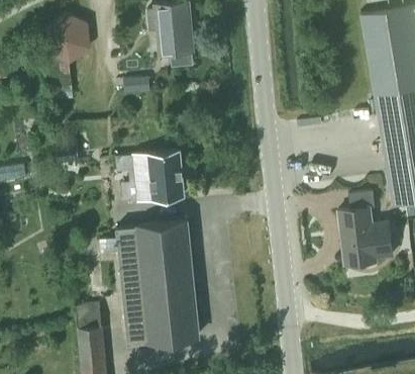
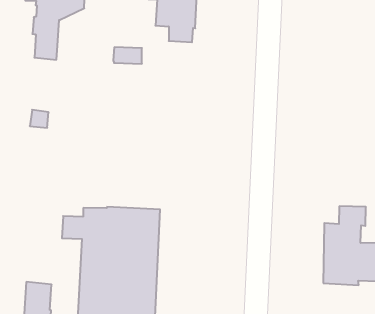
building: [116,151,185,201] -> none

